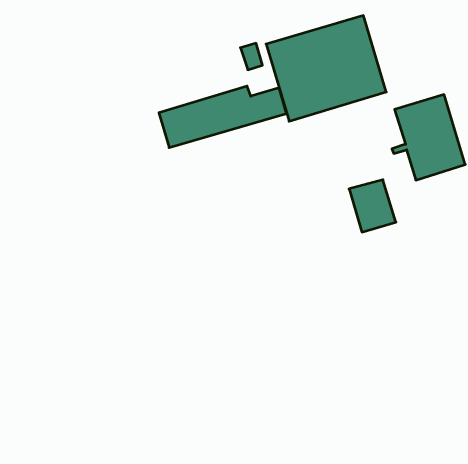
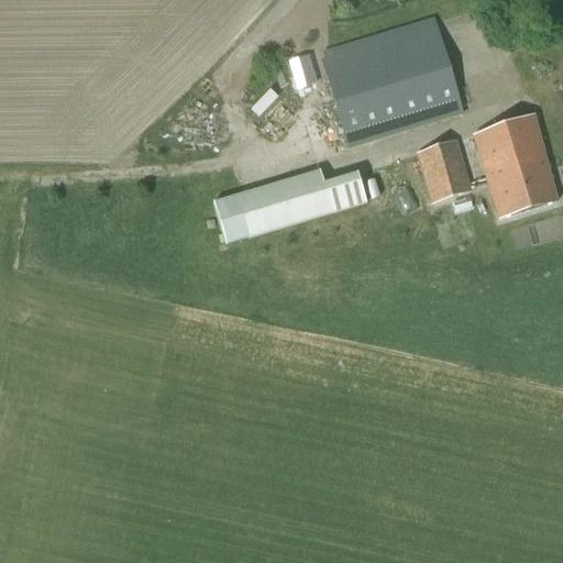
building: [159,86,286,148] -> [213,166,366,240]
building: [349,180,396,232] -> [416,136,472,199]

